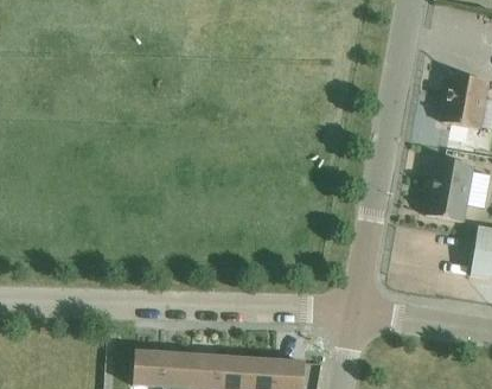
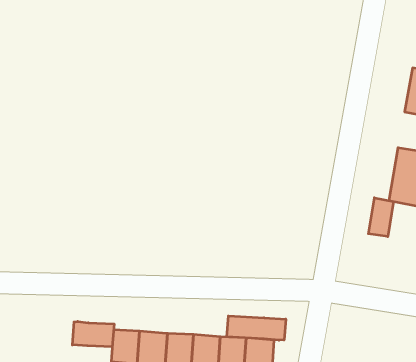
building: none -> [368,198,394,237]
building: none -> [227,316,286,340]
building: none -> [72,321,114,347]

